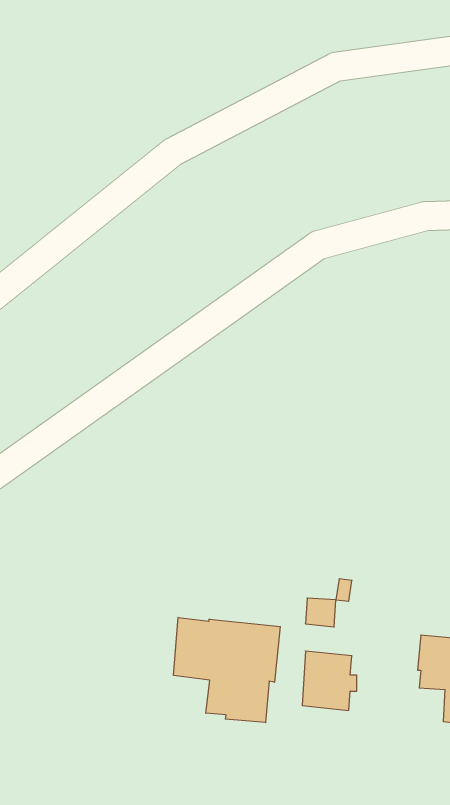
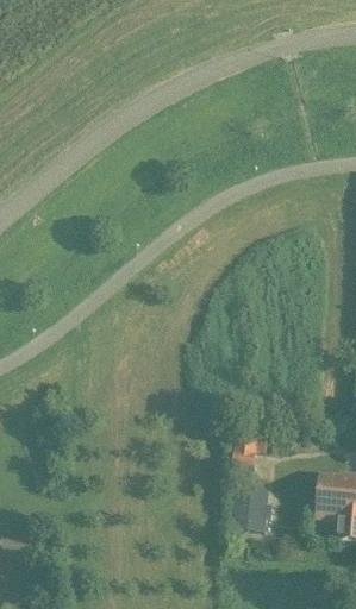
building: [174,617,280,723] -> none

